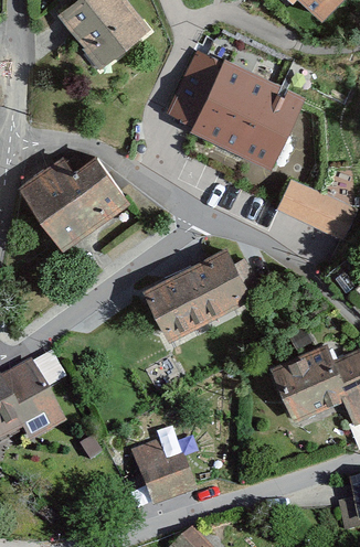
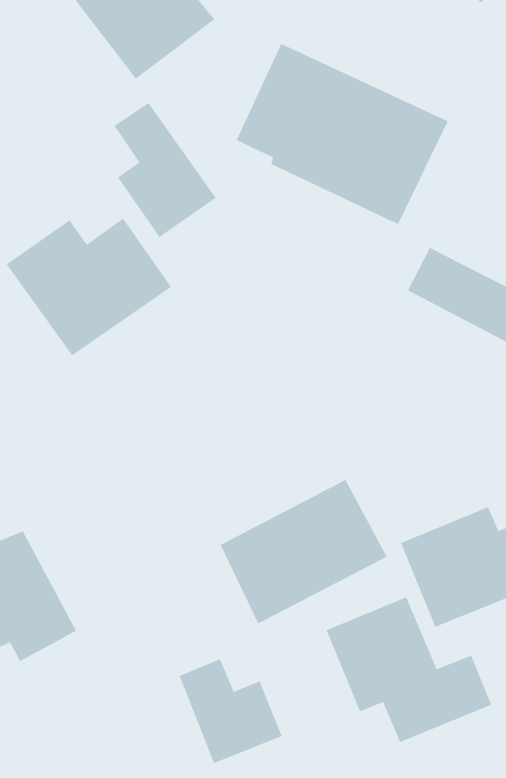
building: none -> [114,102,216,238]
building: [144,247,251,340] -> [220,479,387,624]
building: none -> [326,597,492,743]

